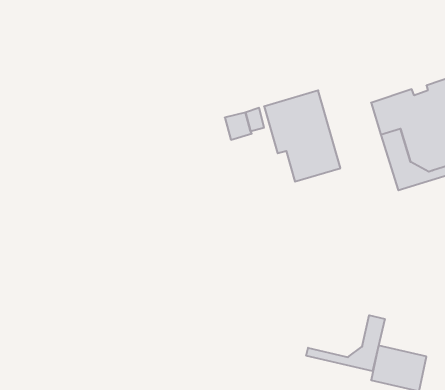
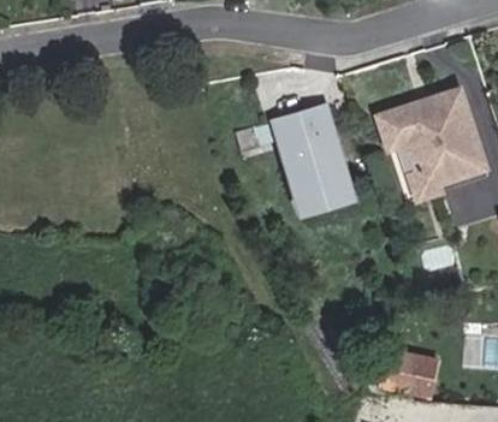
building: none -> [287,161,354,210]
building: [306,315,385,371] -> none

